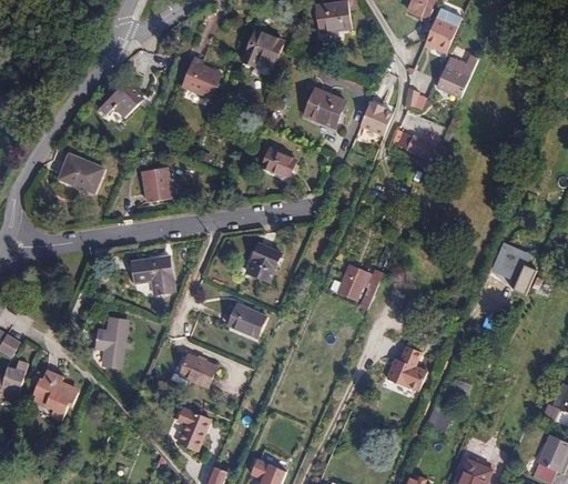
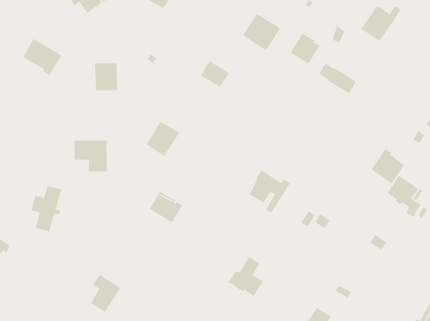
building: none -> [371,148,405,184]
building: [245,242,282,282] -> [146,121,180,157]
building: [385,349,425,393] -> [228,256,263,297]
building: [179,353,215,387] -> none

